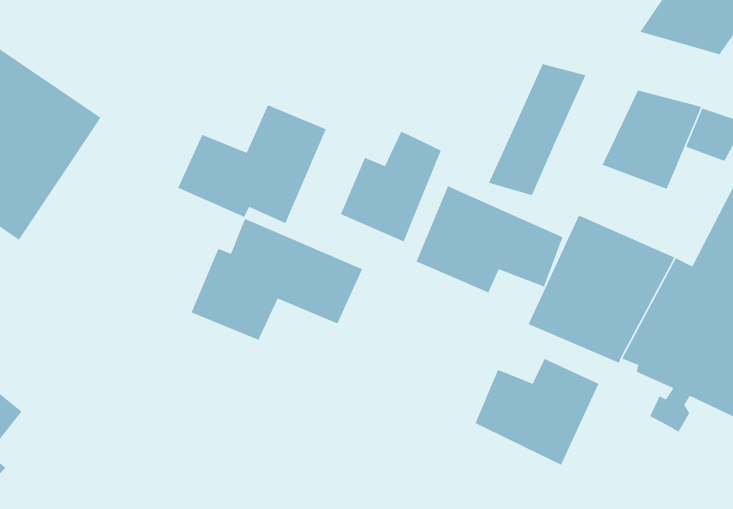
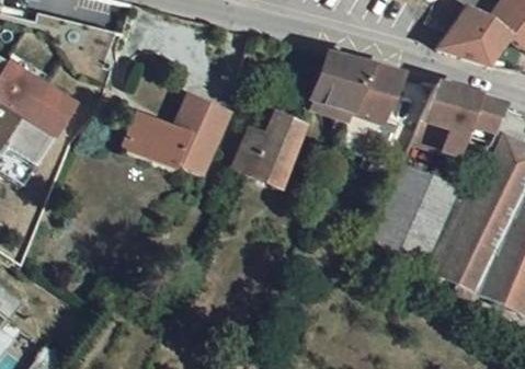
building: none -> [312,55,373,113]
building: [415,185,564,293] -> none
building: [190,218,363,341] -> none
building: [474,358,599,466] -> none

